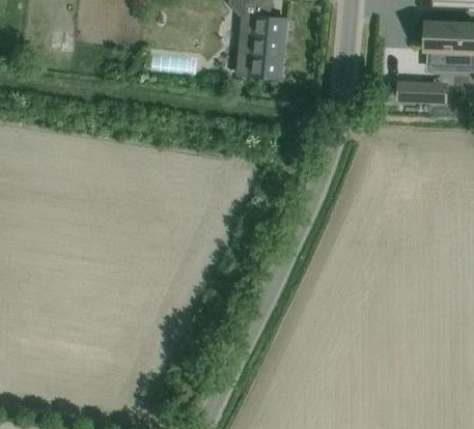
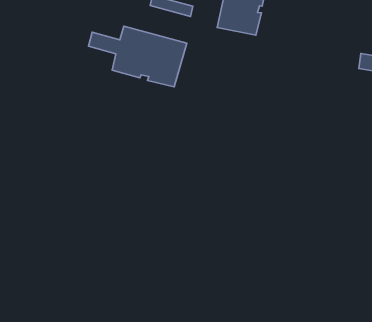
building: none -> [88,26,187,87]

